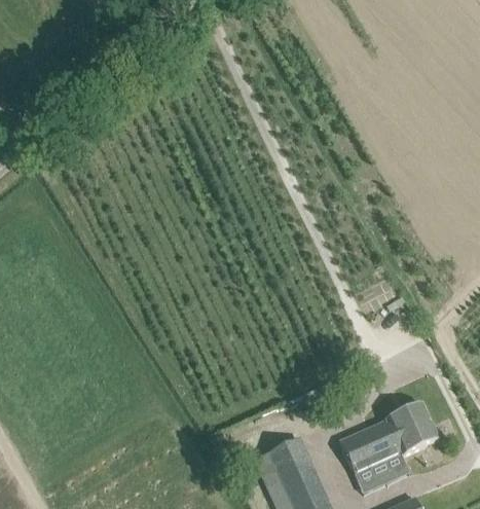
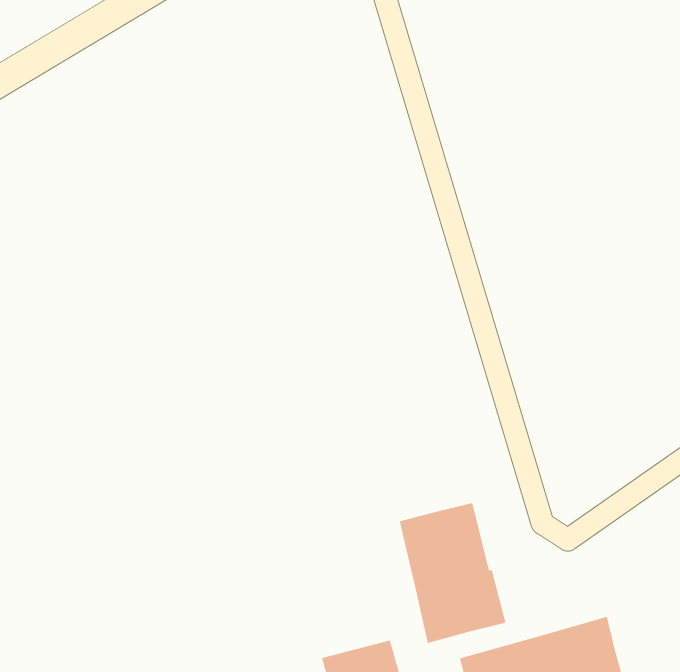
building: none -> [399,502,506,644]

